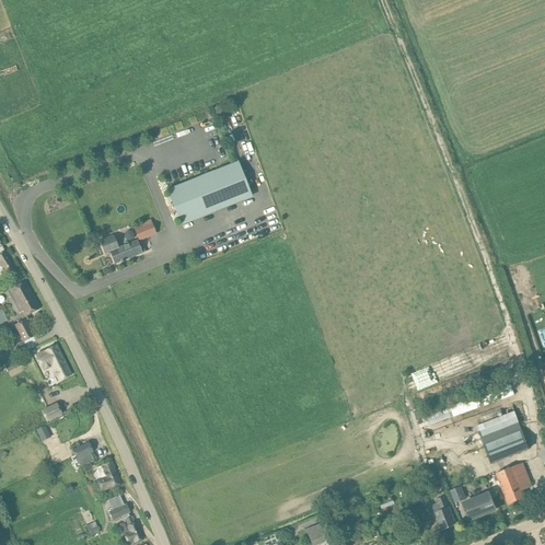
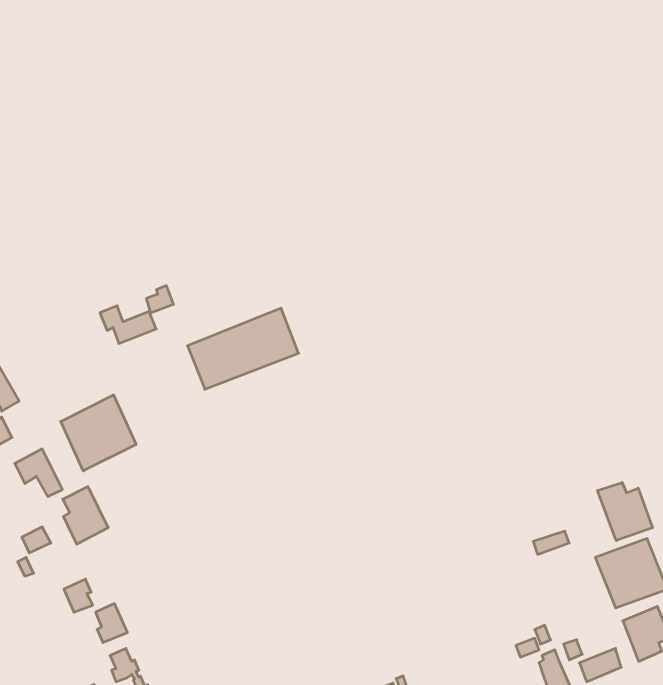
building: [166,161,251,222] -> [187,308,299,389]
building: none -> [61,395,136,471]
building: none -> [598,482,652,541]
building: none -> [63,487,108,544]

